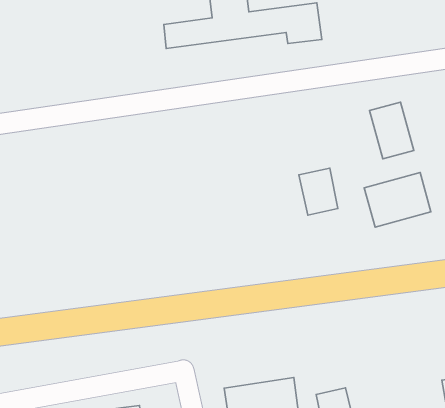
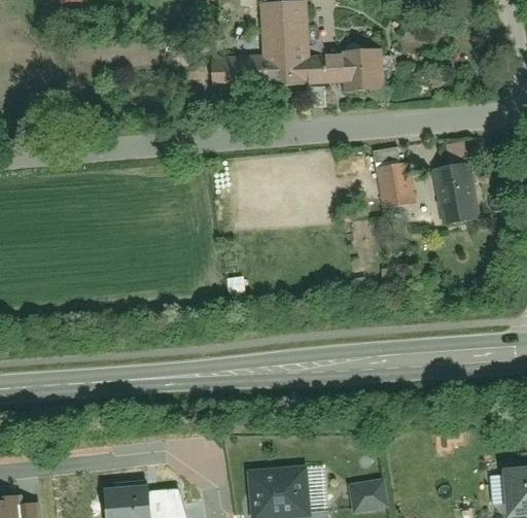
building: [299,168,338,215] -> [368,166,410,216]
building: [364,172,431,227] -> none

